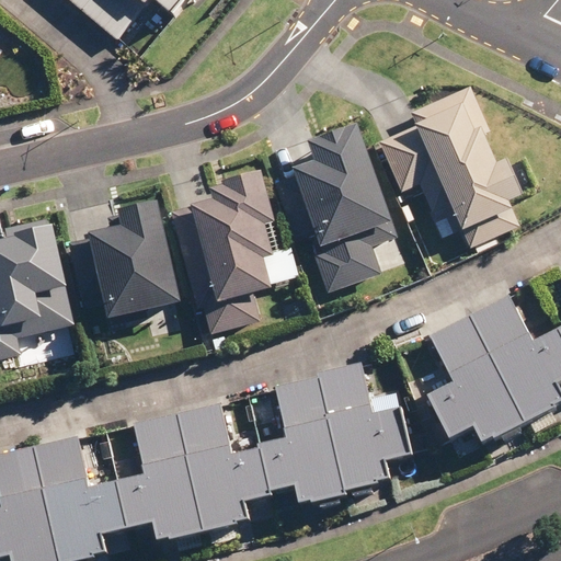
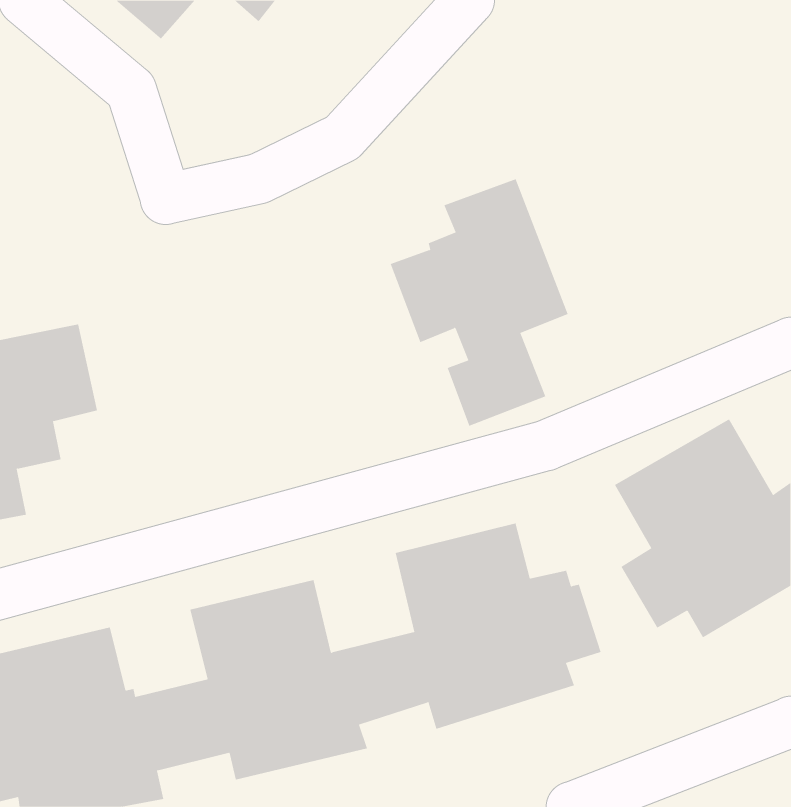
building: [376,85,525,230] -> none
building: [167,172,278,334] -> none
building: [64,199,183,340] -> none

